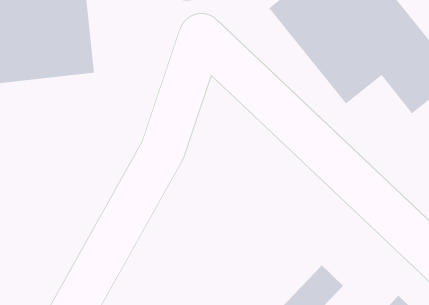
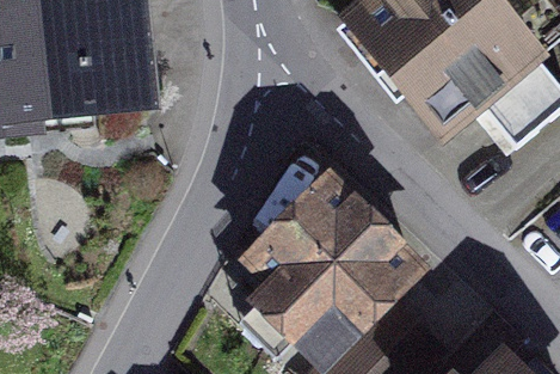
building: none -> [253,188,410,362]

